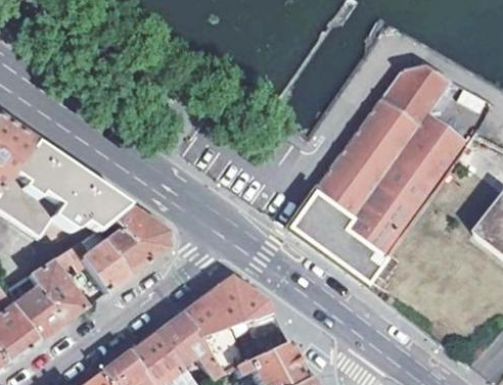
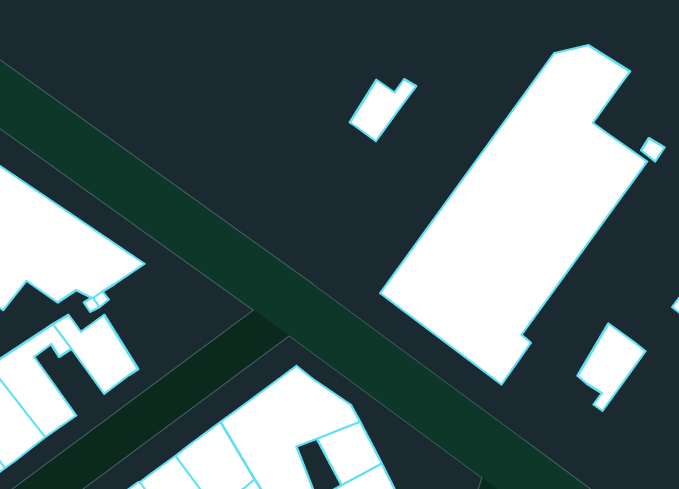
building: none -> [350,79,416,141]
building: [106,207,169,277] -> none
building: none -> [578,324,646,411]

